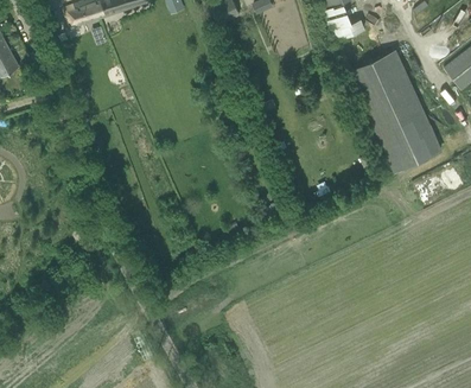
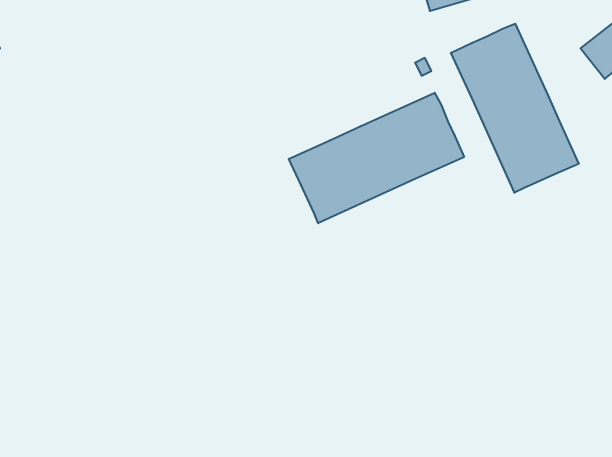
building: none -> [289,93,464,223]

